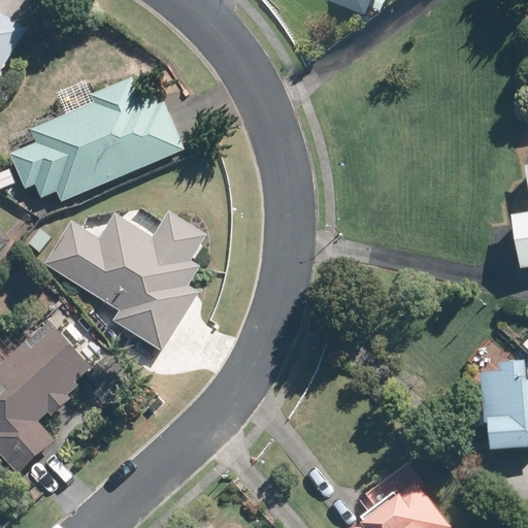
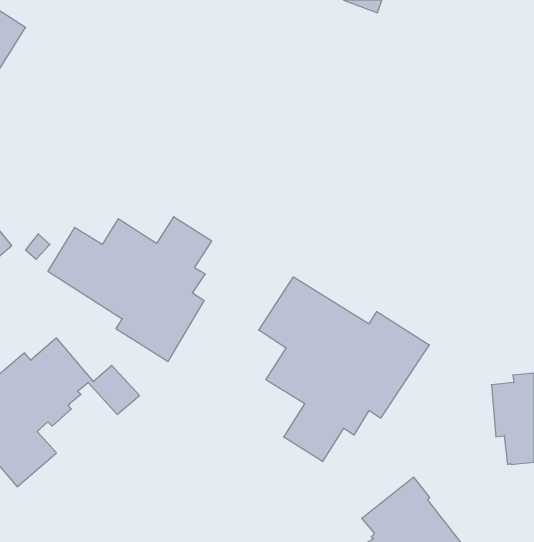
building: [9,77,183,200] -> none
building: none -> [259,277,429,462]

